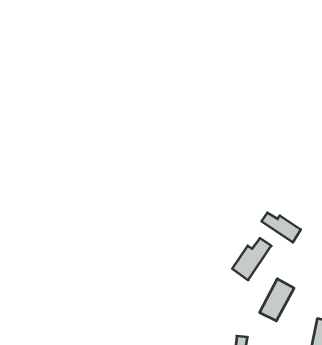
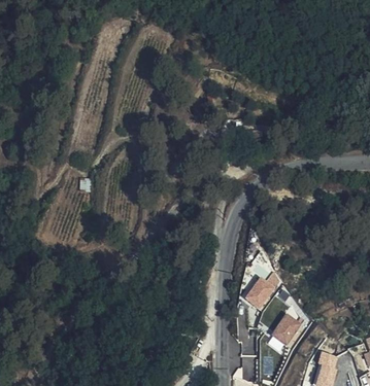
building: [262,213,301,242] -> none

